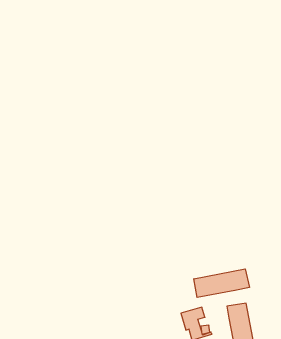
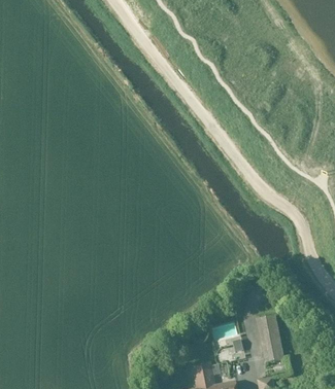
building: [194,269,249,297] -> none

